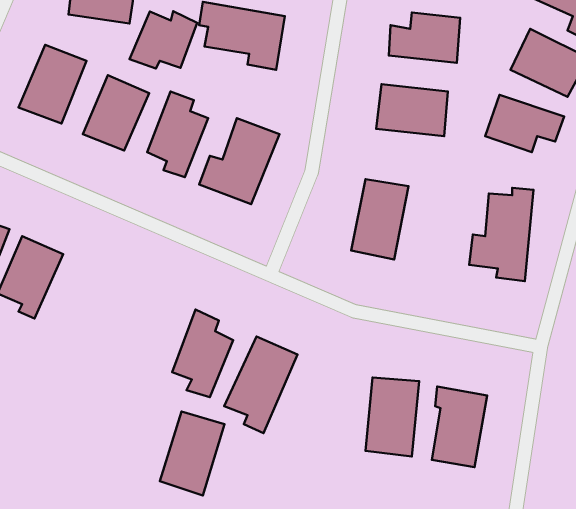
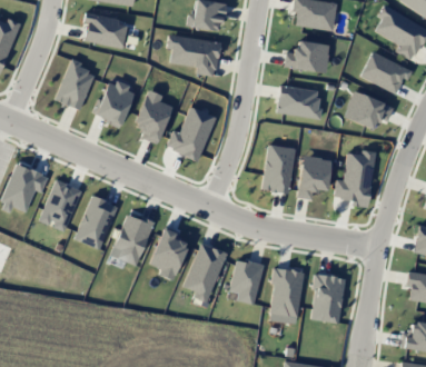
building: [130,11,197,69] -> none
building: none -> [298,156,331,200]
building: none -> [76,196,118,249]
building: none -> [229,259,264,305]
building: [160,411,224,496] -> [112,214,152,266]

